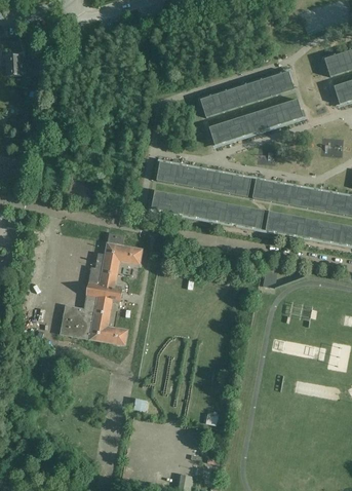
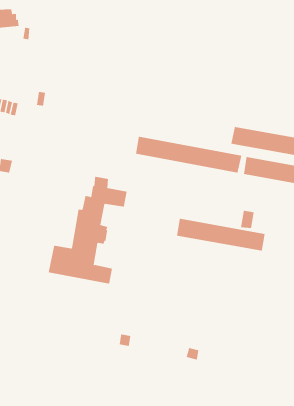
building: [200,71,295,117] -> none
building: [209,99,304,144] -> none
building: [157,161,251,196] -> [176,218,265,251]

